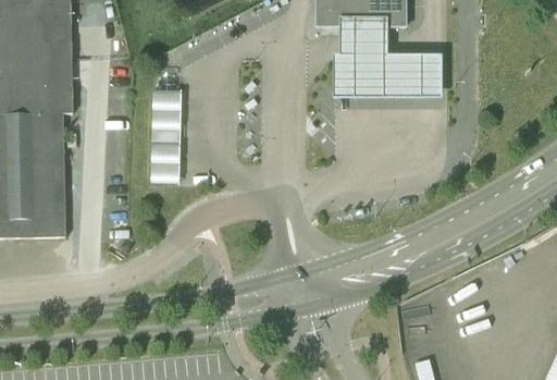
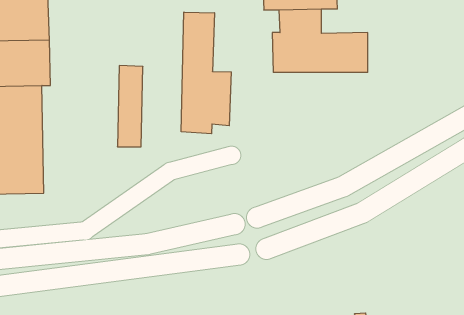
building: none -> [181,12,231,134]

